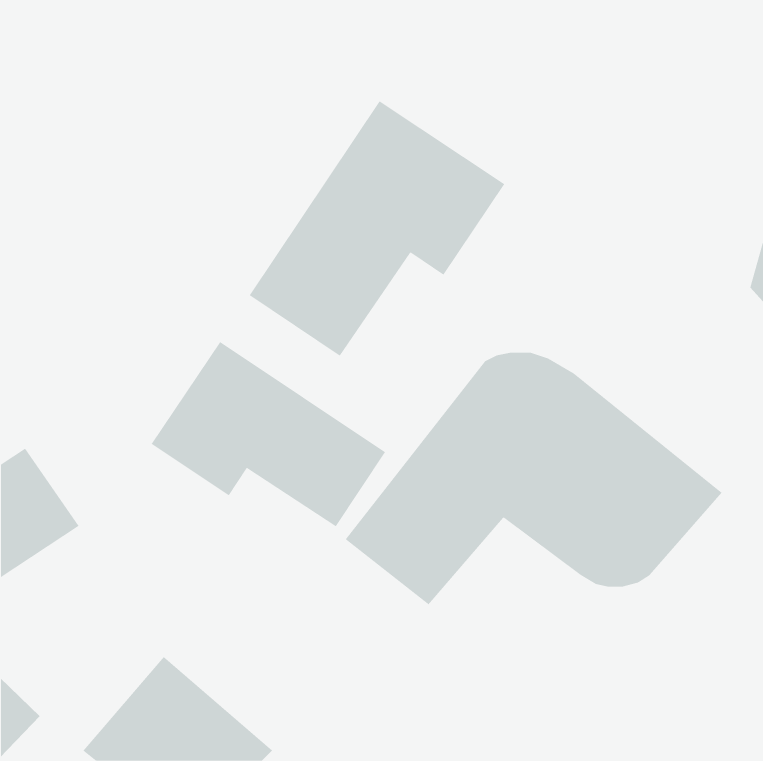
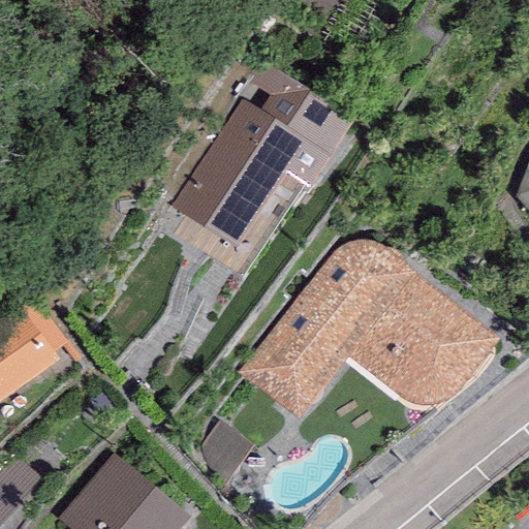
building: [151,341,386,527] -> none

